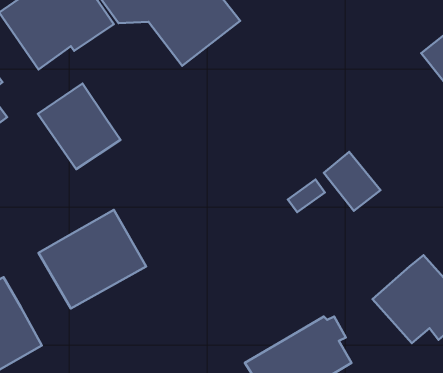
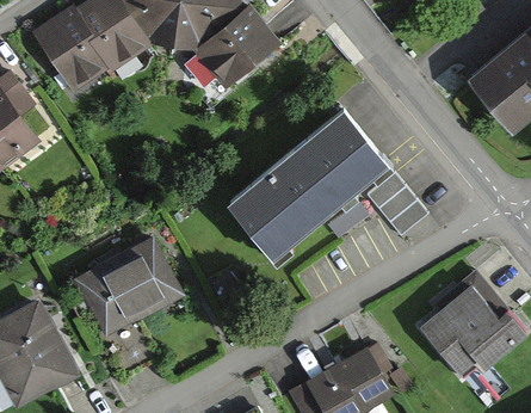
building: none -> [228,104,387,254]
building: [38,84,121,169] -> none

